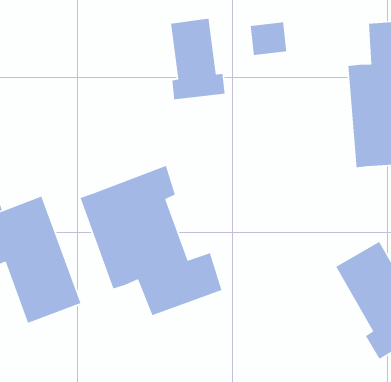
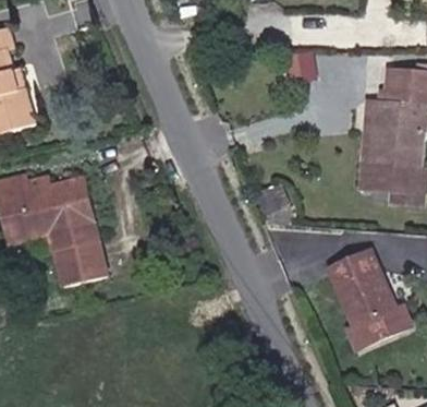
building: [170,18,226,100] -> none
building: [79,165,222,316] -> none

